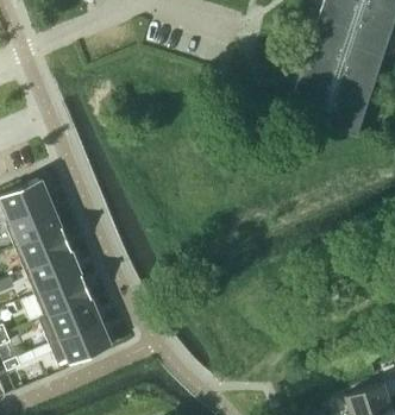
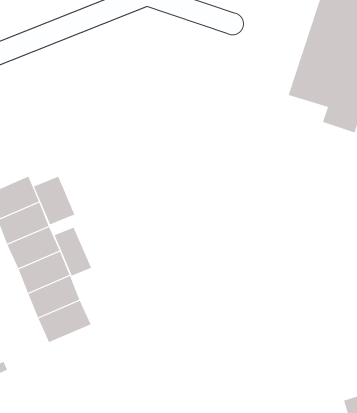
building: none -> [33,176,75,225]
building: none -> [54,227,92,276]
building: [59,322,111,364] -> none

